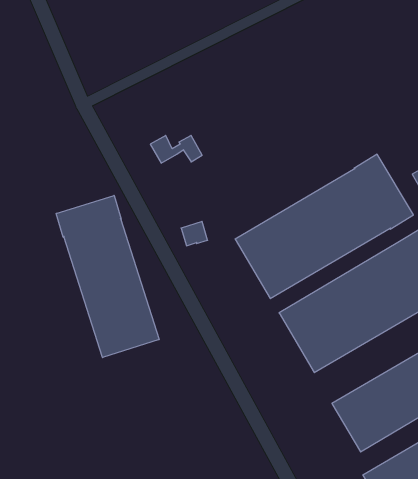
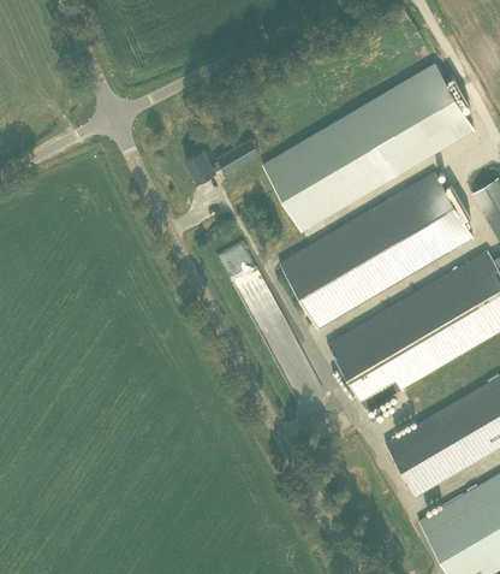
building: none -> [262,63,474,231]
building: [56,195,159,358] -> none

